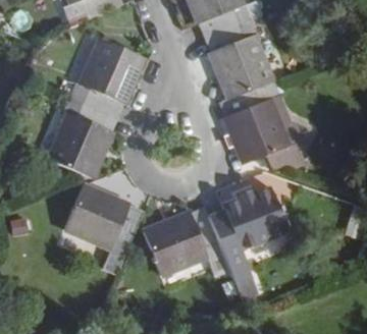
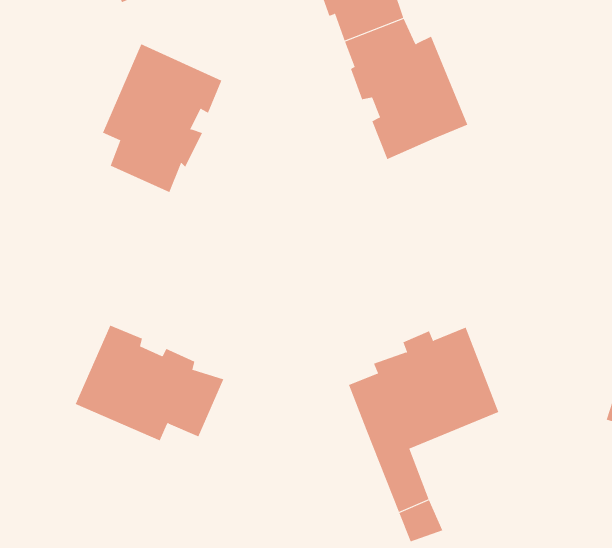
building: [223,88,287,164] -> none
building: [48,102,115,177] -> none
building: [143,210,218,273] -> none

